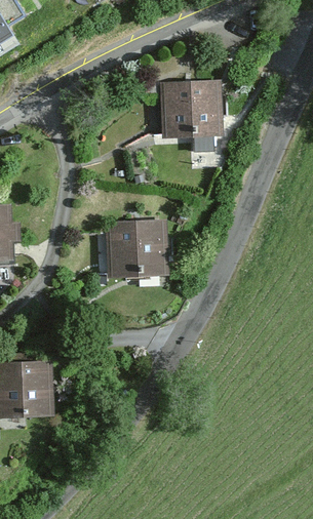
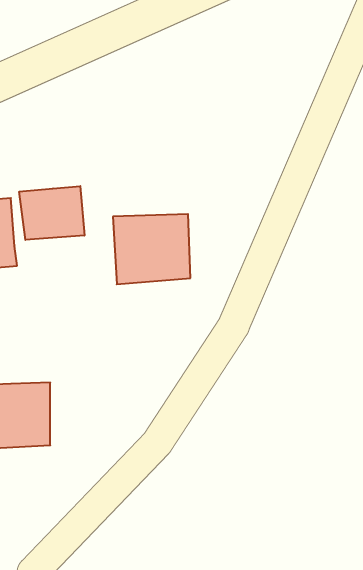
building: [158,81,223,137] -> none
building: none -> [19,186,84,240]

